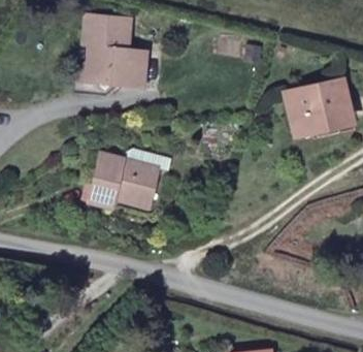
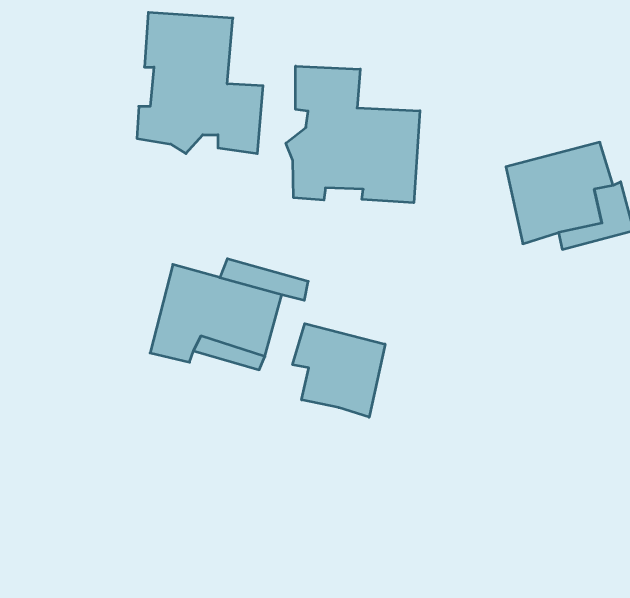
building: none -> [286,66,420,203]
building: none -> [293,324,385,417]

